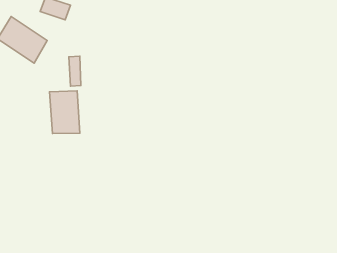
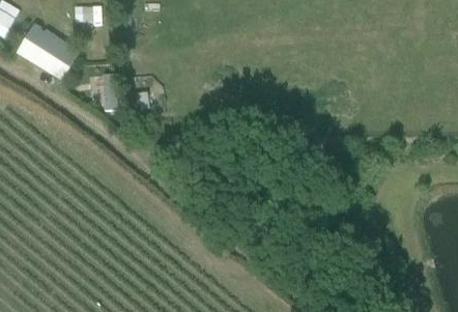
building: [50,91,80,133] -> none

